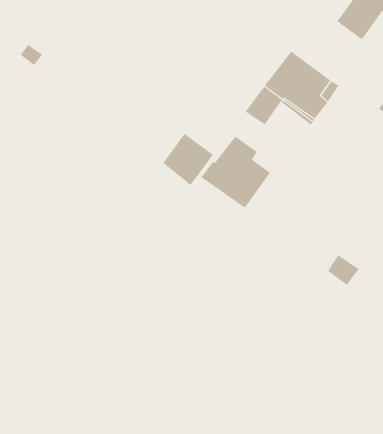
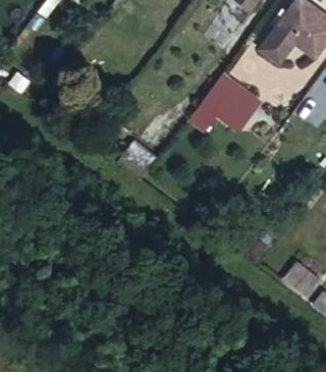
building: [201,136,271,208] -> none

